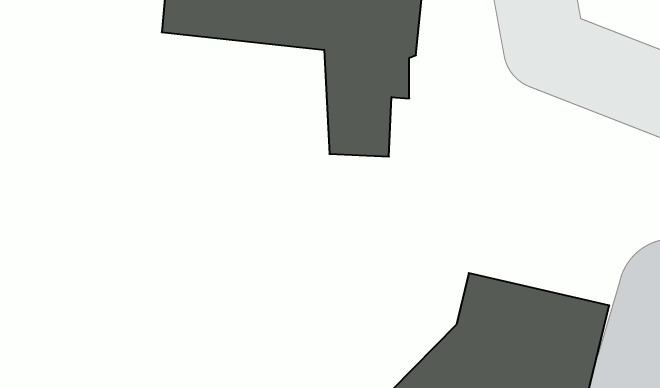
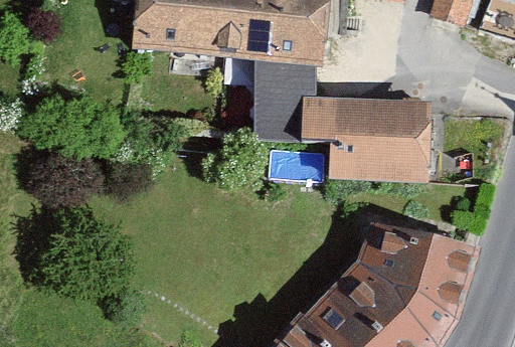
building: none -> [302,97,430,183]

